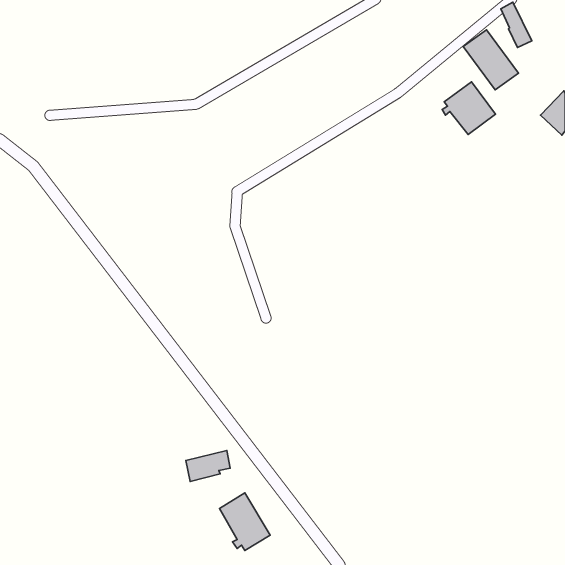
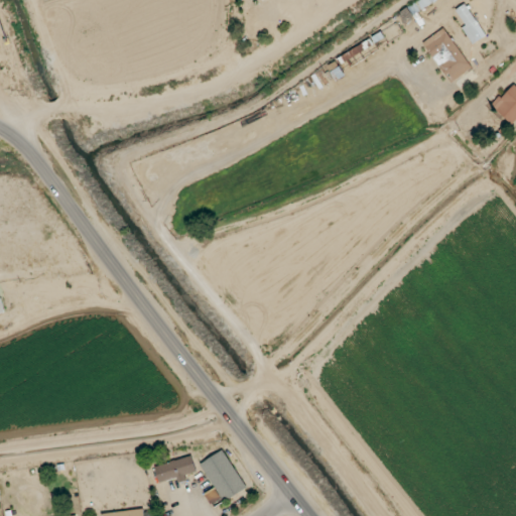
building: [442,82,496,134] -> none
building: [186,450,230,481] -> [154,456,195,484]

